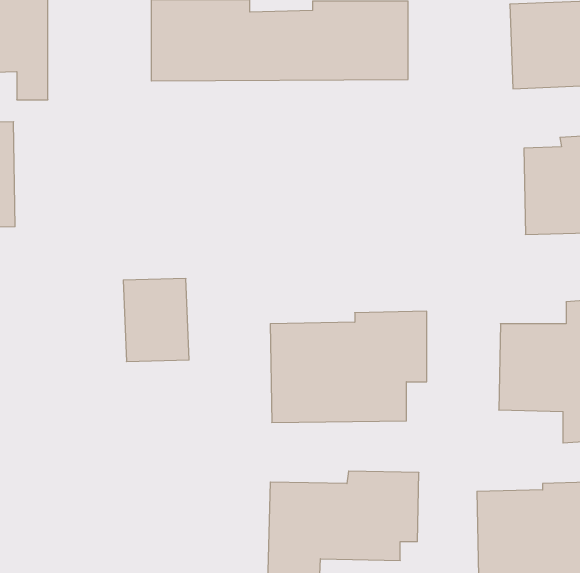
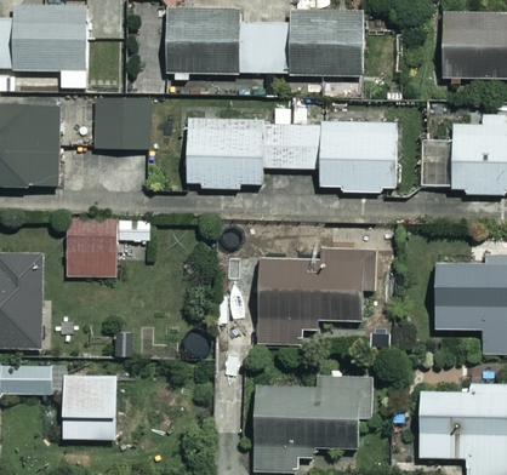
building: none -> [96,98,149,147]
building: none -> [188,107,397,194]
building: [123,279,189,362] -> [67,217,118,281]
building: none -> [61,376,118,440]

